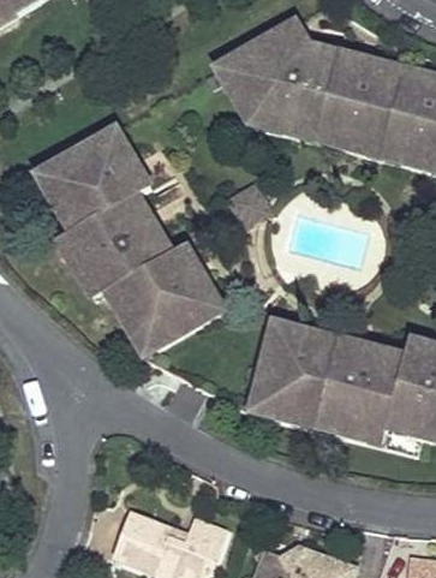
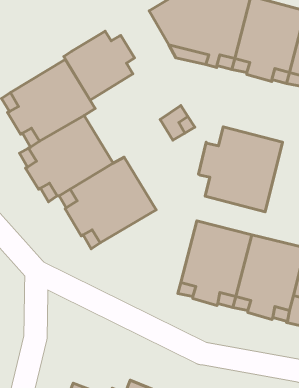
building: none -> [64,31,134,100]
building: none -> [199,127,282,212]

